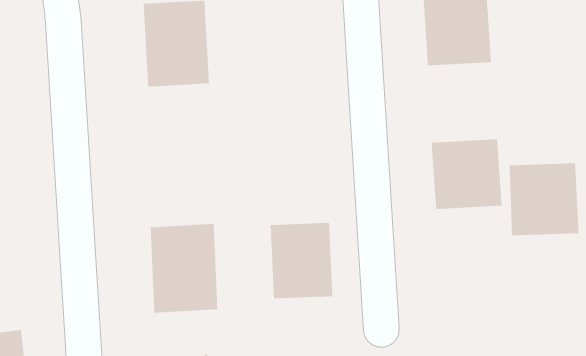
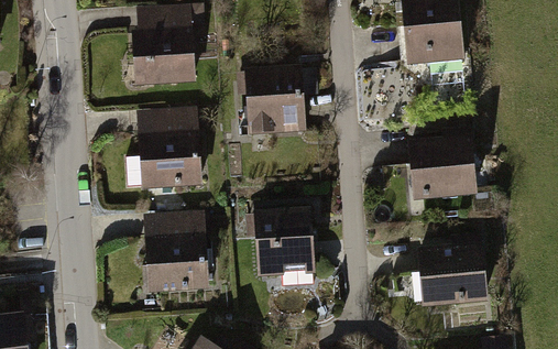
building: none -> [249,68,295,130]
building: none -> [136,111,203,193]
building: [509,163,579,236] -> [418,240,484,308]

